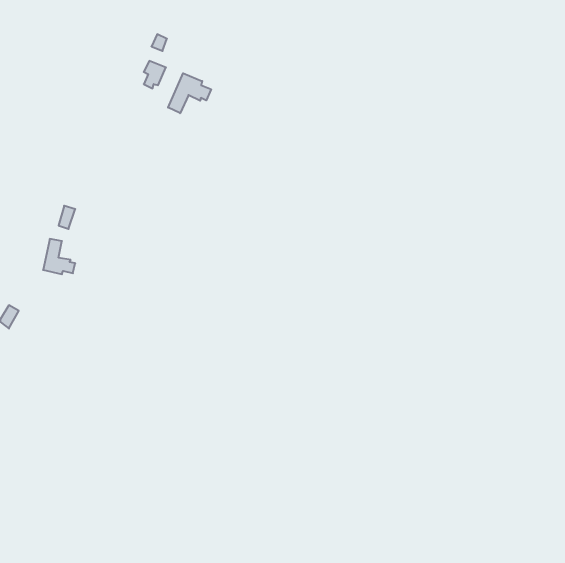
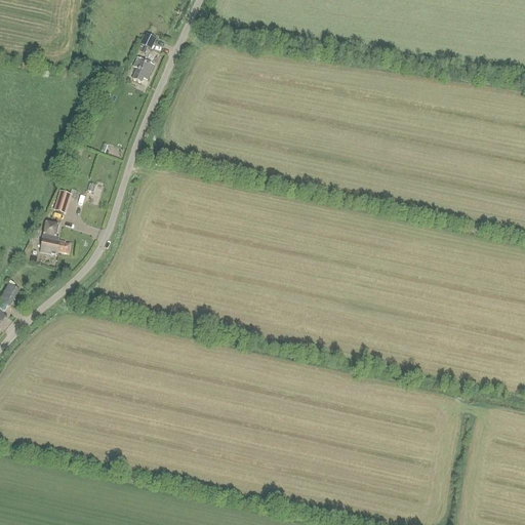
building: [168,73,211,113] -> none

